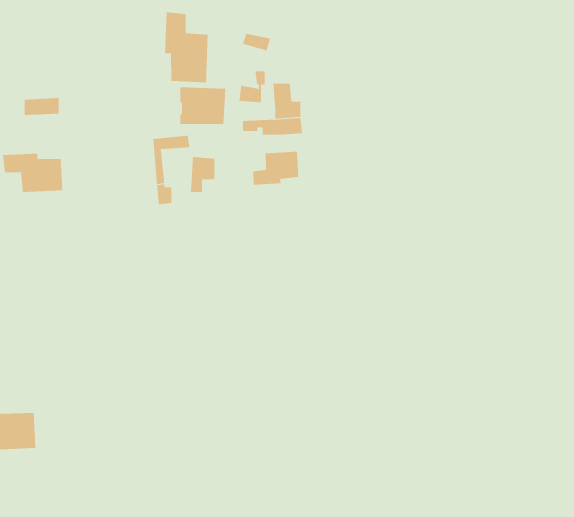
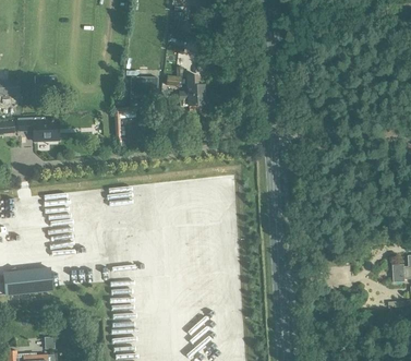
building: [164,12,208,83] -> none
building: [253,151,299,186] -> none

